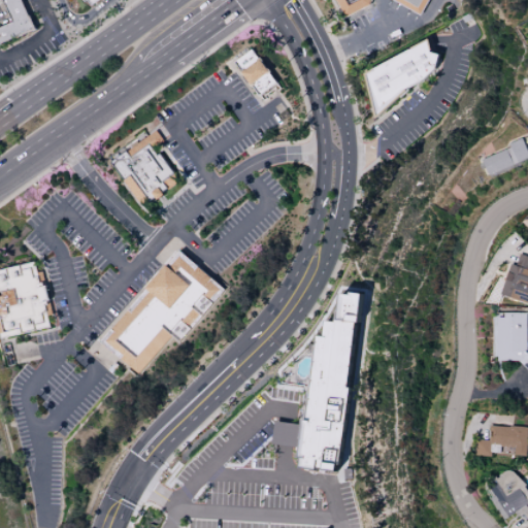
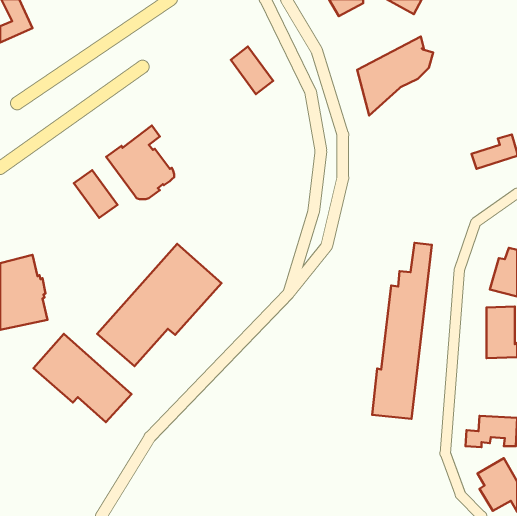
building: none -> [74,170,118,218]
building: [297,291,358,470] -> [372,243,432,419]
building: none -> [33,334,132,422]

